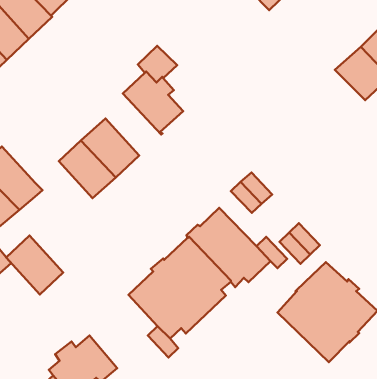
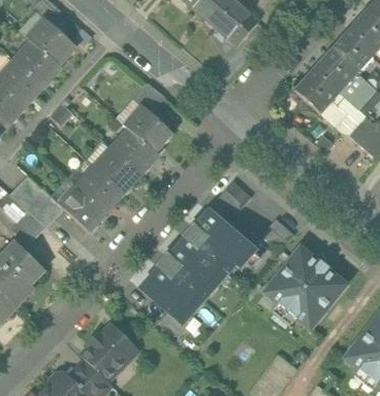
building: none -> [109,124,156,173]
building: [6,236,63,294] -> [57,184,104,231]

